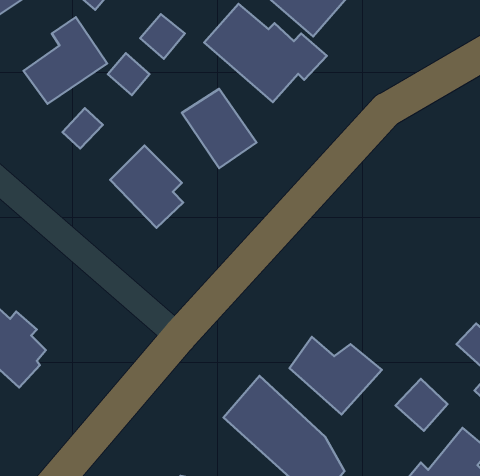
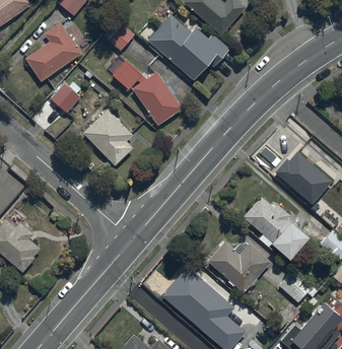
building: [108,53,150,95] -> [115,60,143,88]
building: none -> [274,148,329,203]
building: none -> [241,196,307,258]

